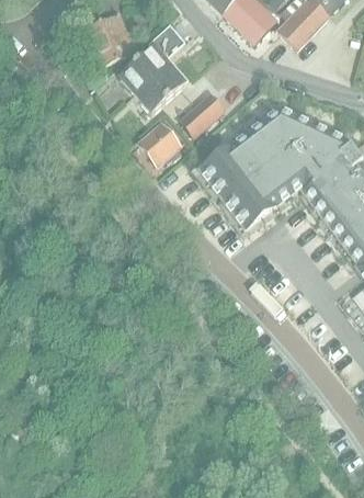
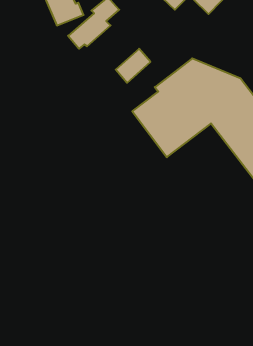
building: [133,65,187,115] -> none
building: [138,125,180,166] -> none

